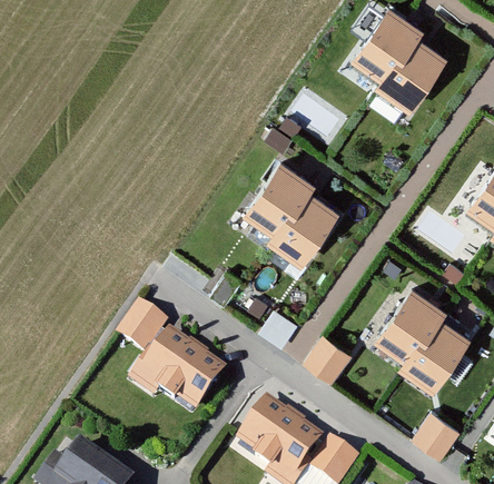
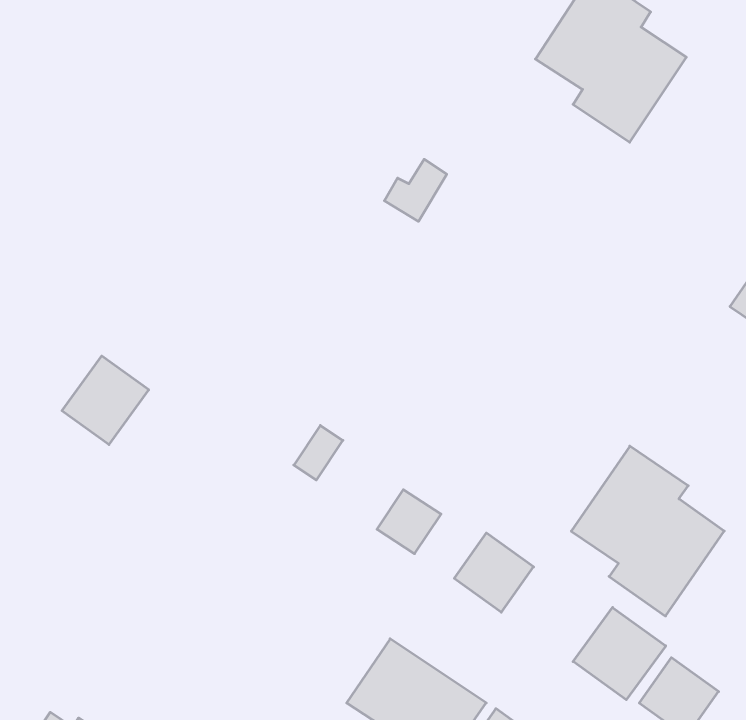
building: [247,165,336,265] -> none
building: [115,303,166,355] -> [62,356,149,445]
building: [138,334,226,407] -> none
building: none -> [573,607,666,700]

